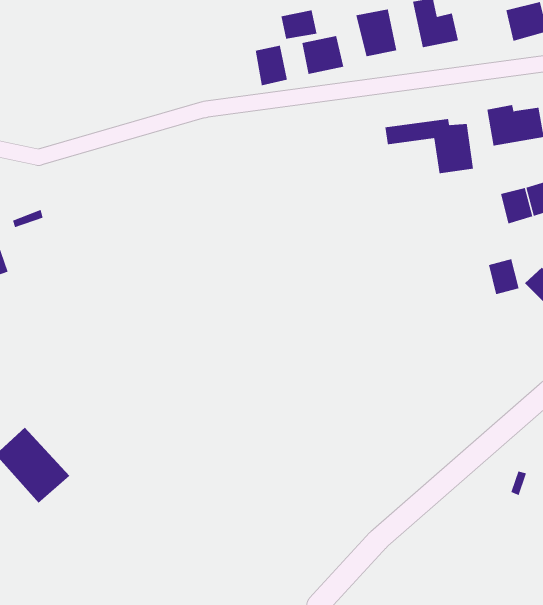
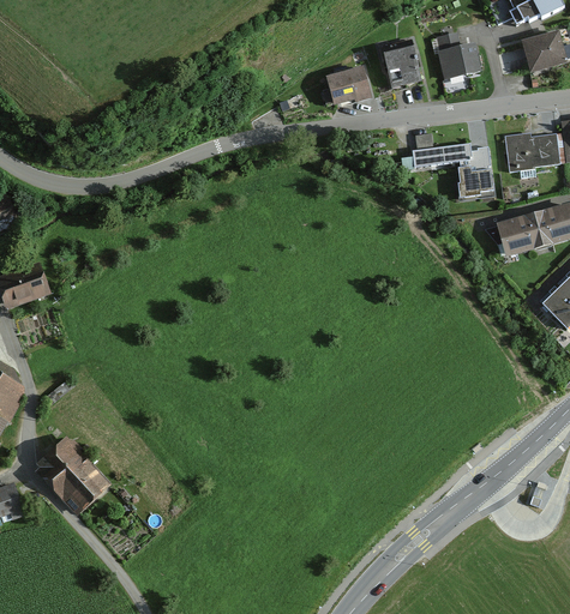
building: [281,9,317,40] -> none
building: [255,45,288,86] -> none
building: [488,258,520,295] -> [497,217,527,252]

